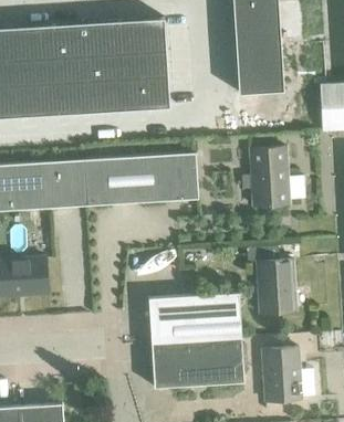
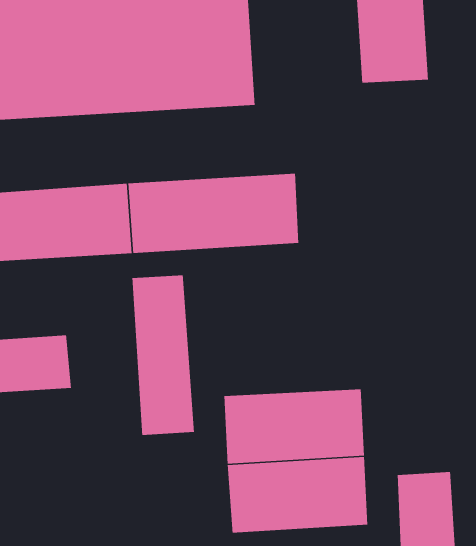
building: [250,148,290,207] -> none
building: none -> [131,274,195,436]
building: [257,260,295,314] -> none

